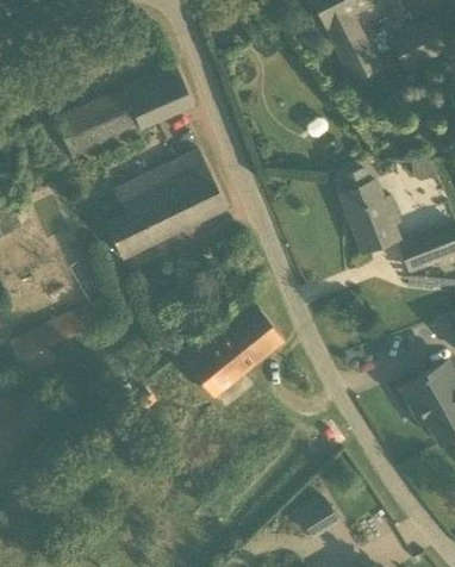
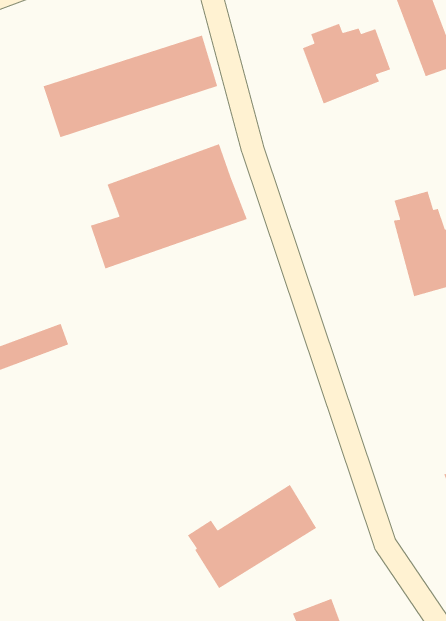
building: none -> [302,23,391,104]
building: [185,309,286,397] -> [187,484,317,589]

